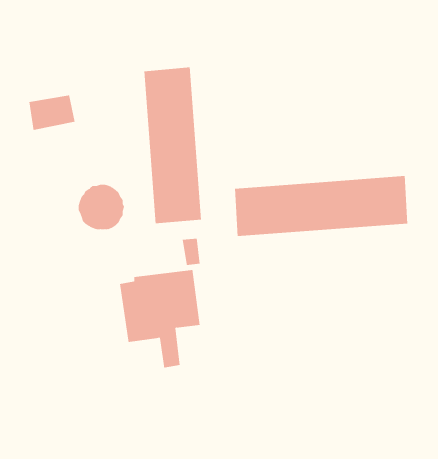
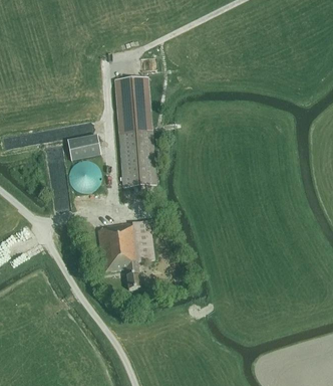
building: [28,95,75,130] -> [67,136,100,161]
building: [234,175,408,237] -> none

